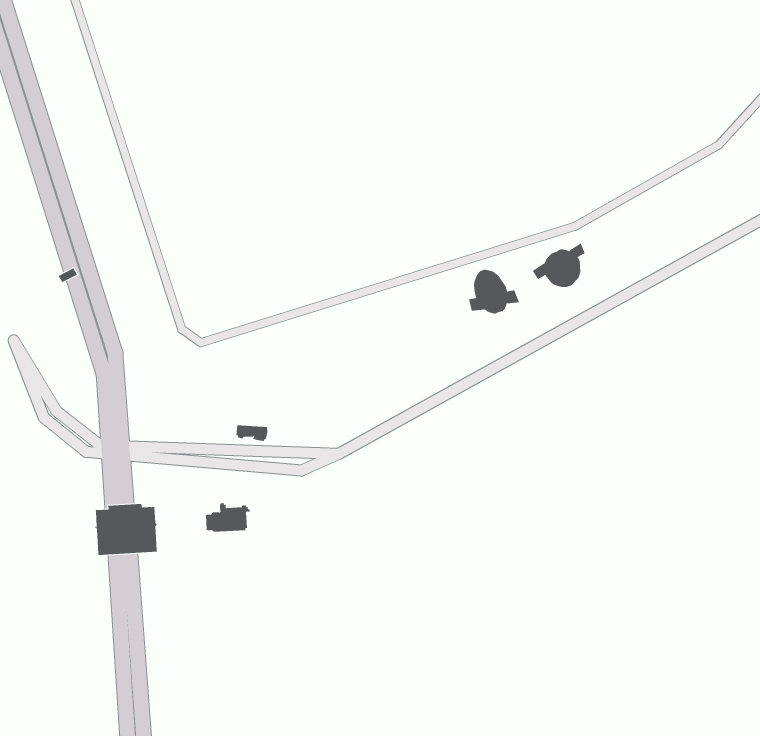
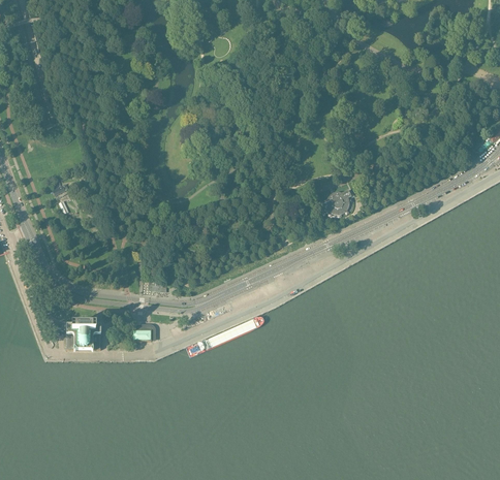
building: [469,269,520,314] -> none

